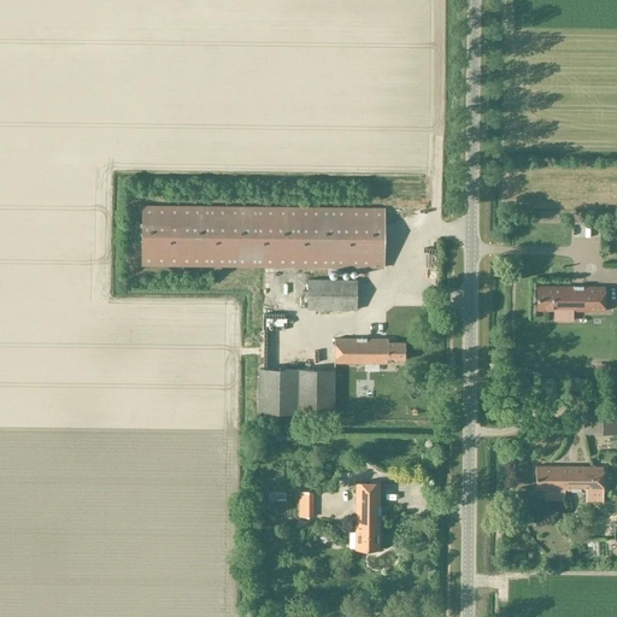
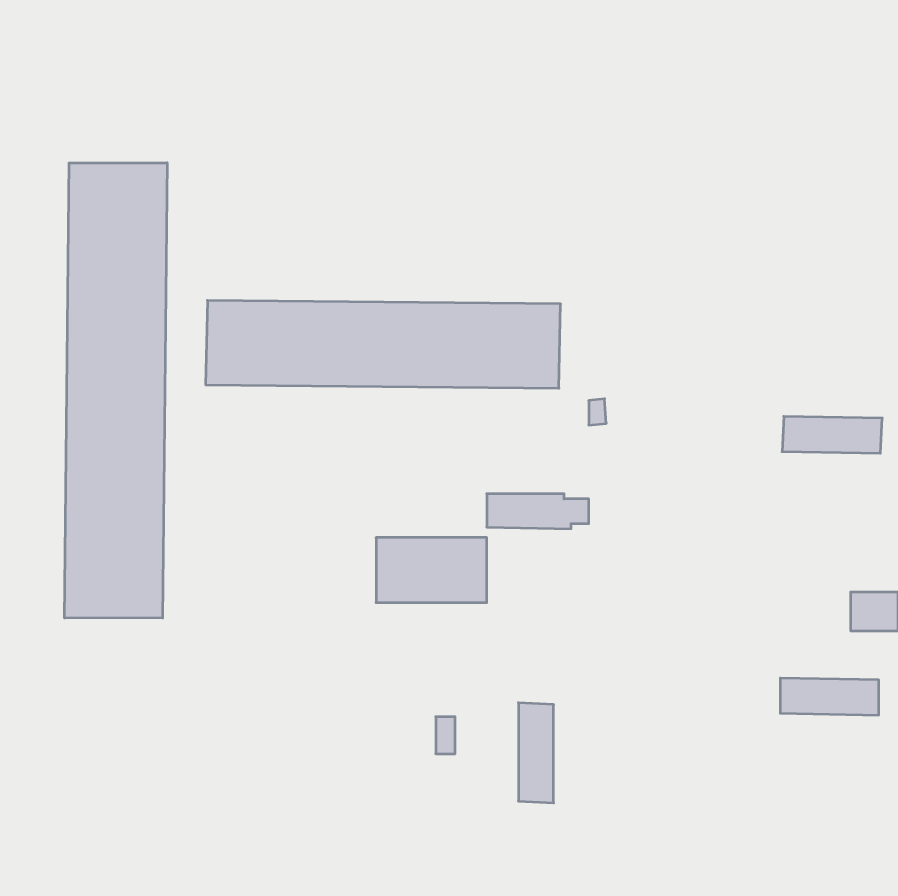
building: none -> [65,163,167,618]
building: [306,280,357,310] -> none

